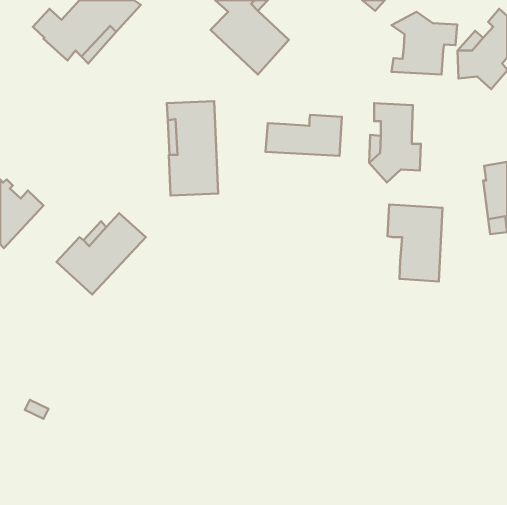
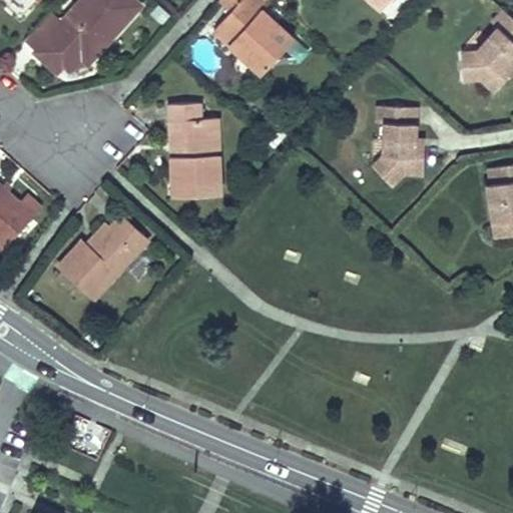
building: [392,12,457,74] -> none
building: [266,115,342,156] -> none
building: [387,205,443,282] -> none

